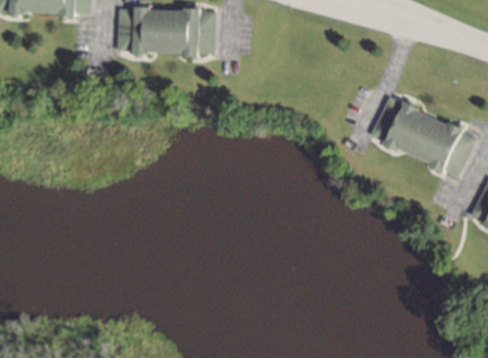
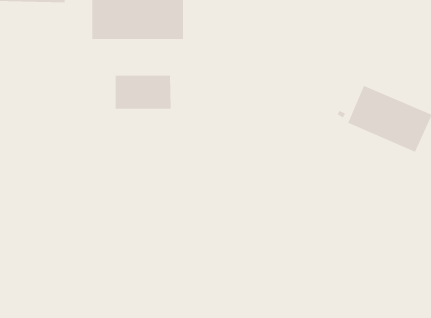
building: none -> [115,75,171,109]

